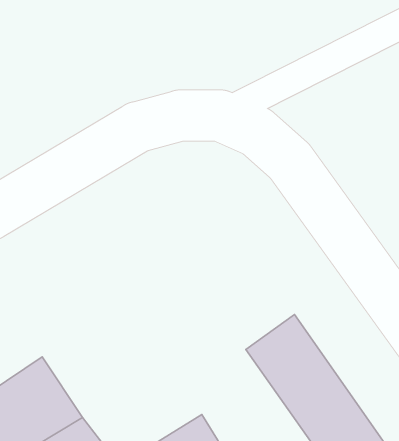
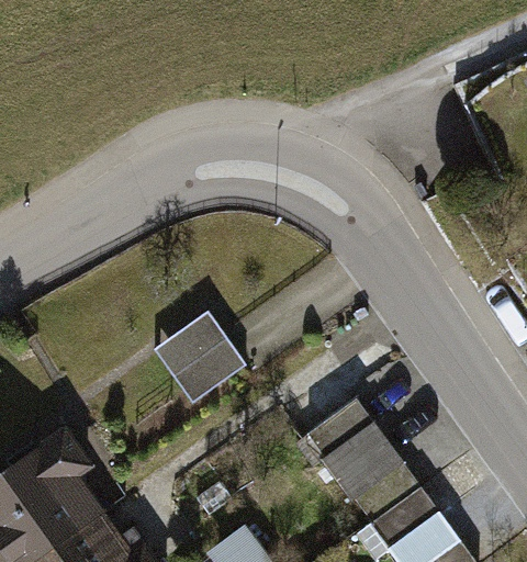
building: none -> [158,324,249,414]

